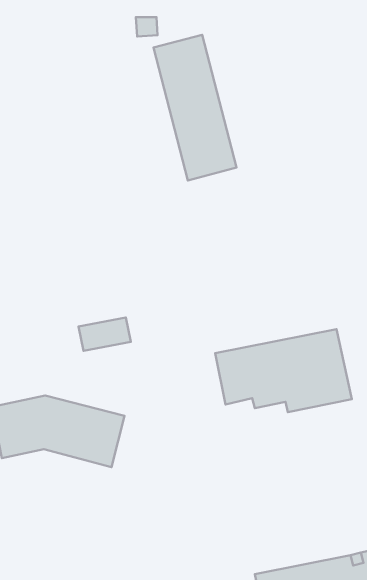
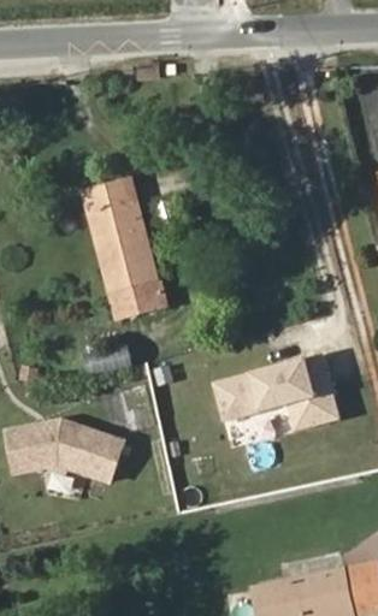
building: [153,35,237,180] -> [84,179,163,316]

